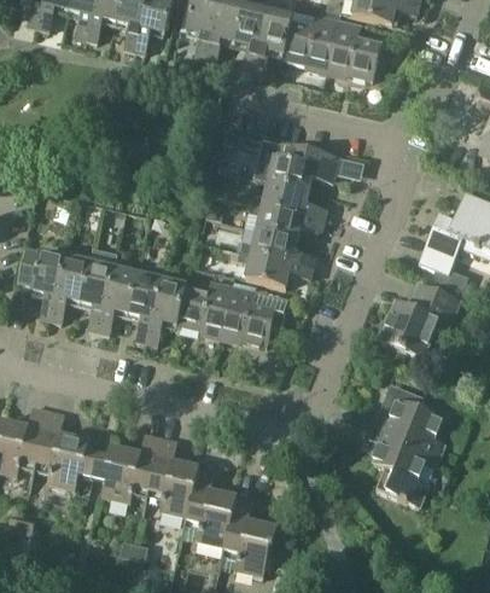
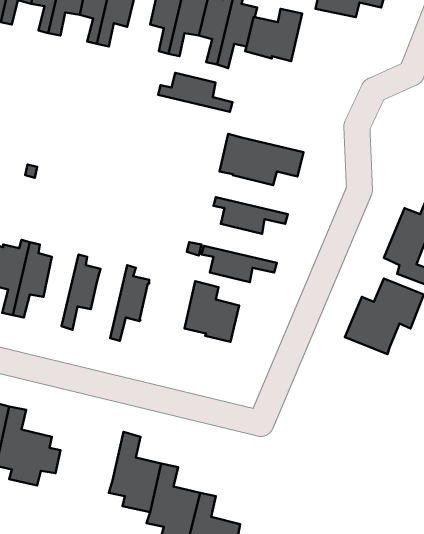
building: [327,19,381,80] -> none
building: [252,180,326,219] -> [158,73,232,112]
building: [240,228,315,267] -> none
building: [81,256,116,330] -> none
building: [128,267,164,342] -> none
building: [176,280,232,332] -> none
building: [371,384,445,505] -> none
building: [93,431,161,501] -> none

